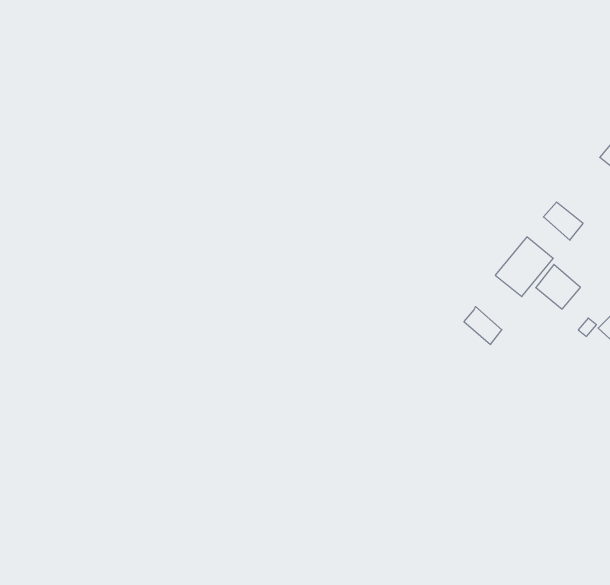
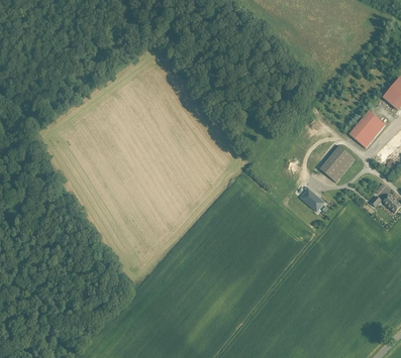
building: [536,264,580,309] -> [357,109,384,136]

